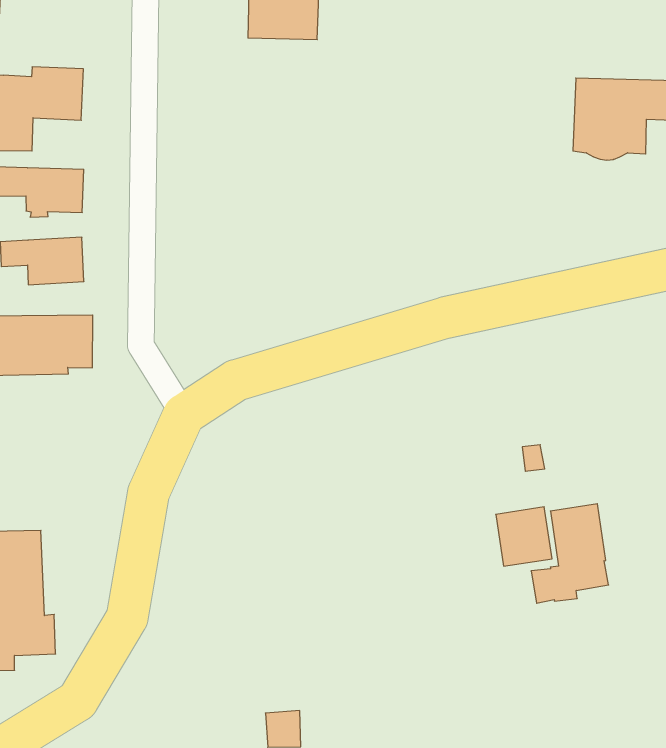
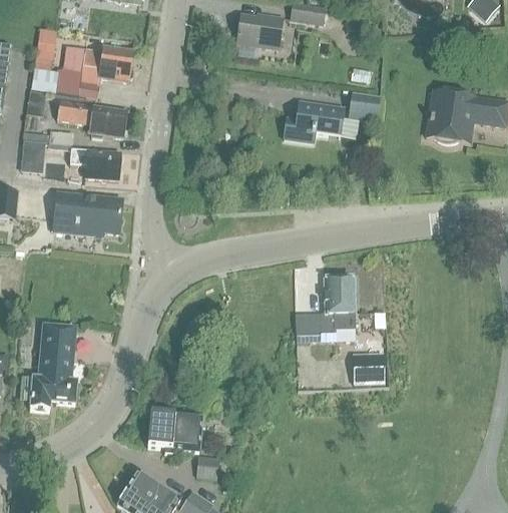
building: none -> [348,91,380,122]
building: none -> [285,101,344,142]
building: [531,504,609,603] -> [309,278,355,334]
building: none -> [147,412,202,454]

